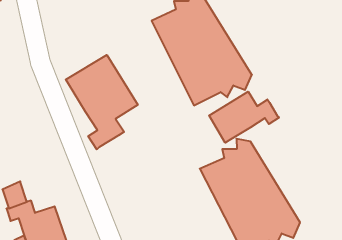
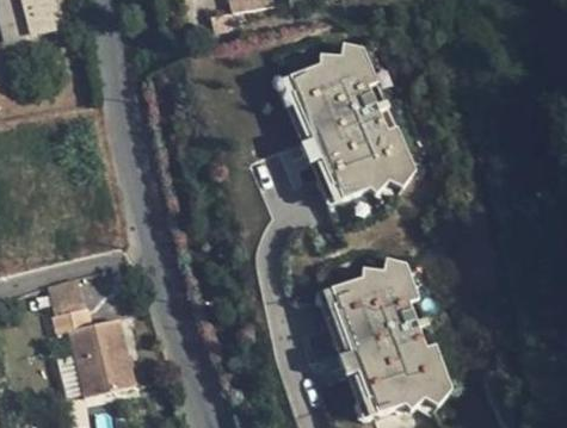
building: [66,55,138,149] -> none
building: [209,92,279,143] -> none

